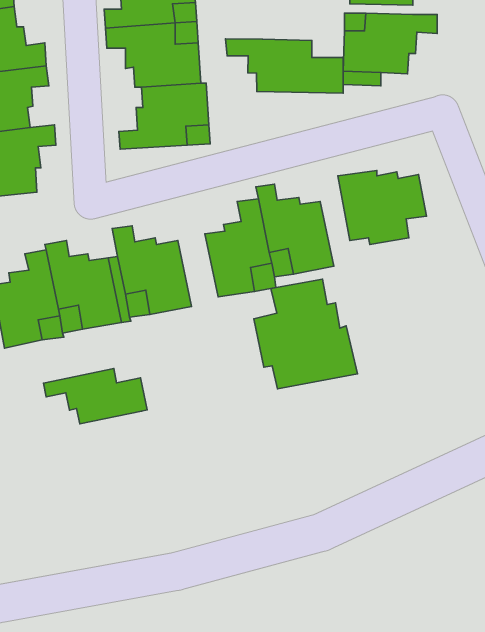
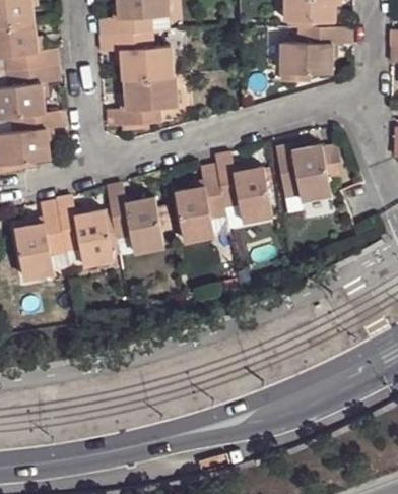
building: [226,39,343,93] -> none
building: [254,279,358,389] -> none
building: [44,368,147,424] -> none

